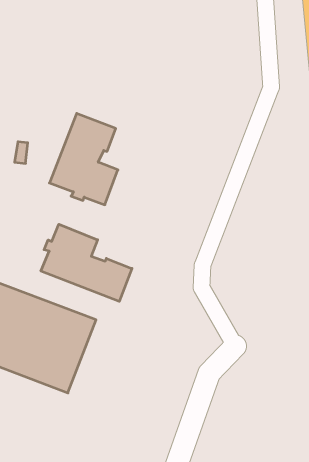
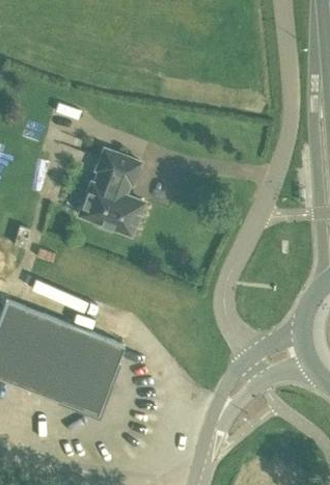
building: [41,224,132,301] -> none

